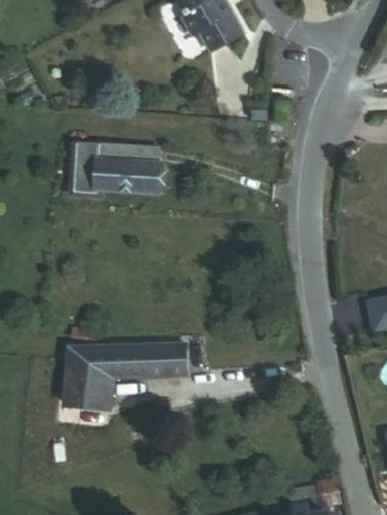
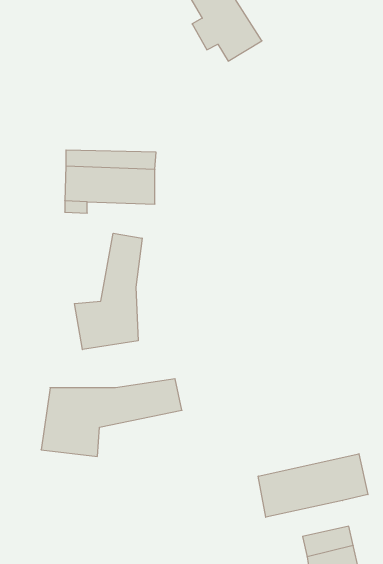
building: none -> [74,233,142,350]
building: none -> [258,454,368,517]

